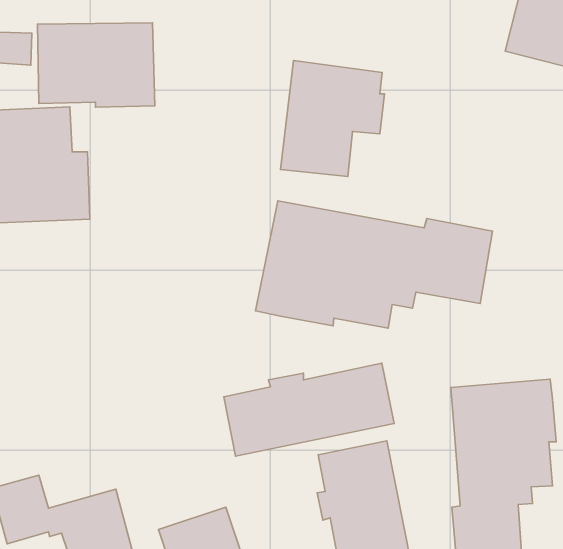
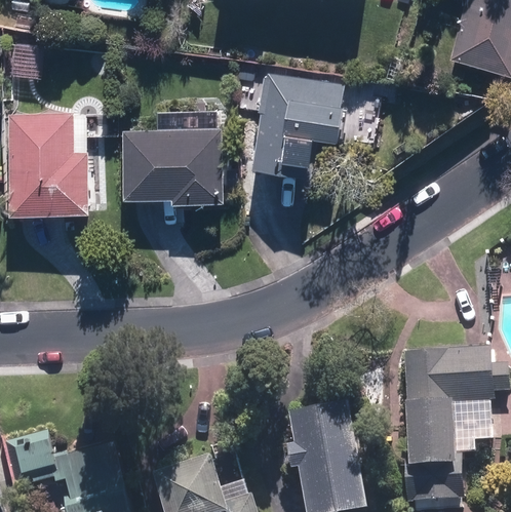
building: [38,23,155,107] -> [122,130,224,203]
building: [256,201,493,328] -> none
building: [224,363,394,456] -> none

